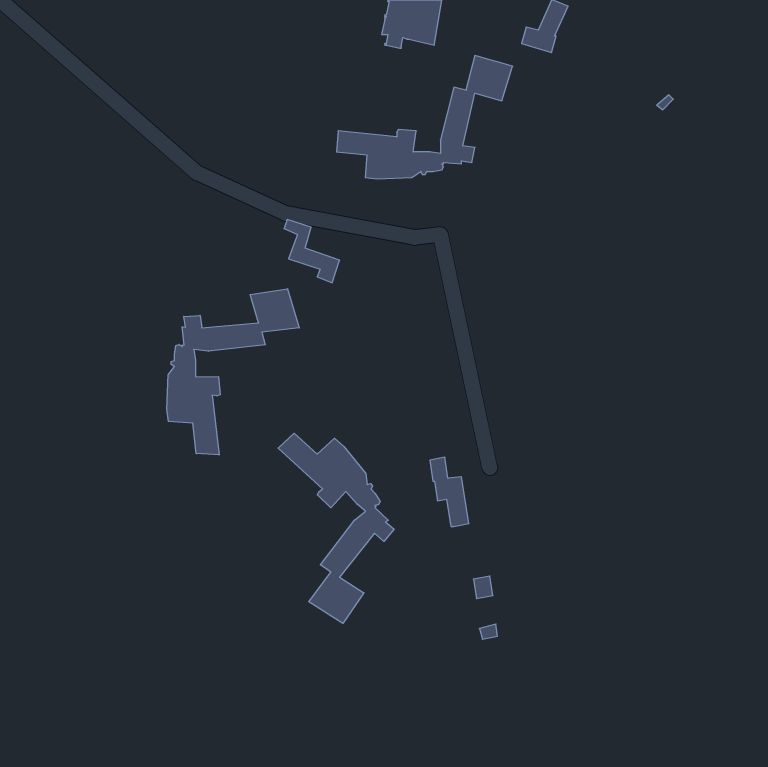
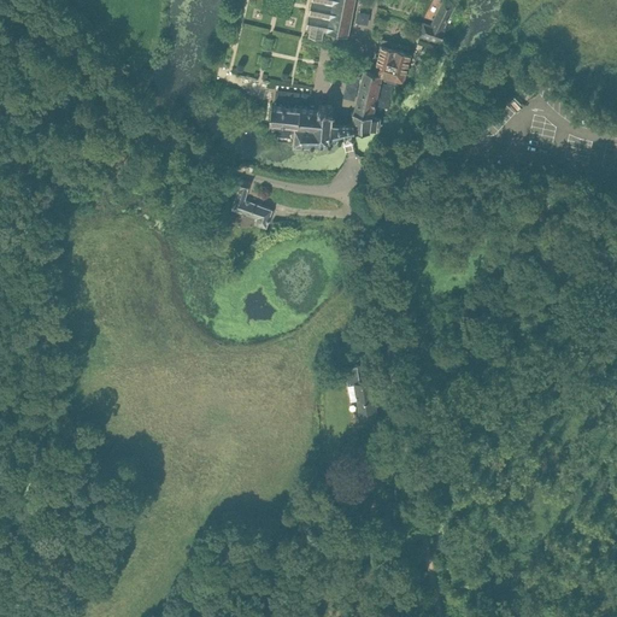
building: [167,289,299,455] -> none
building: [278,433,394,623] -> none

